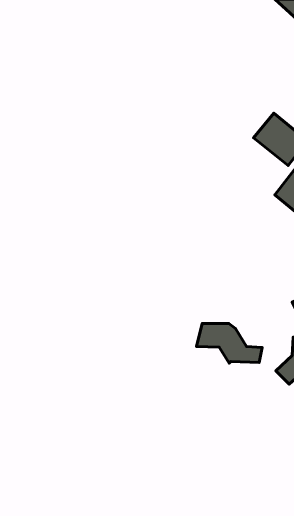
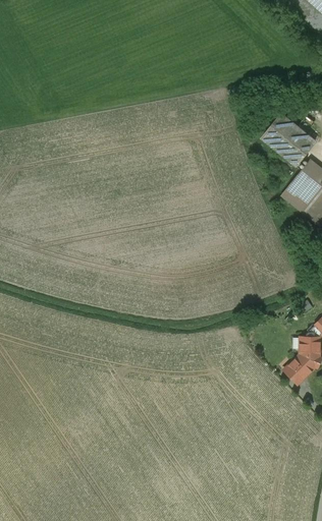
building: [197,323,262,363] -> none

